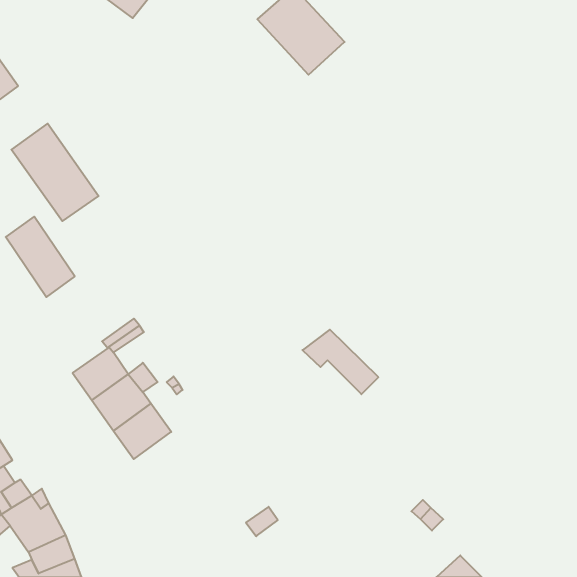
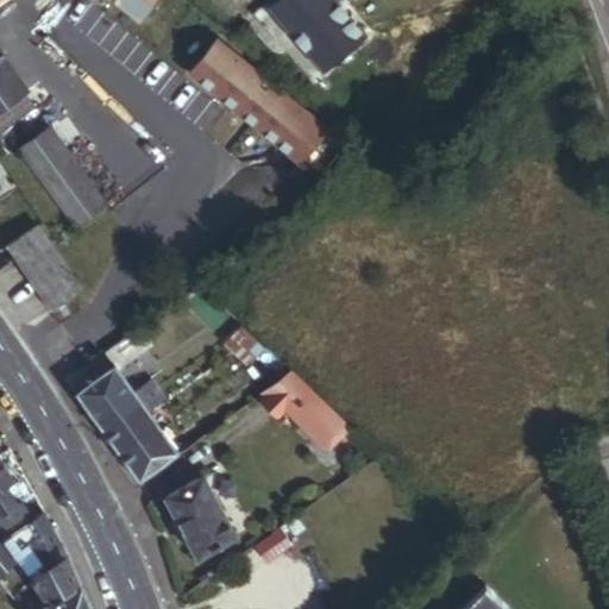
building: none -> [190,44,325,178]
building: [302,330,378,394] -> [264,371,344,439]
building: none -> [164,473,238,554]

